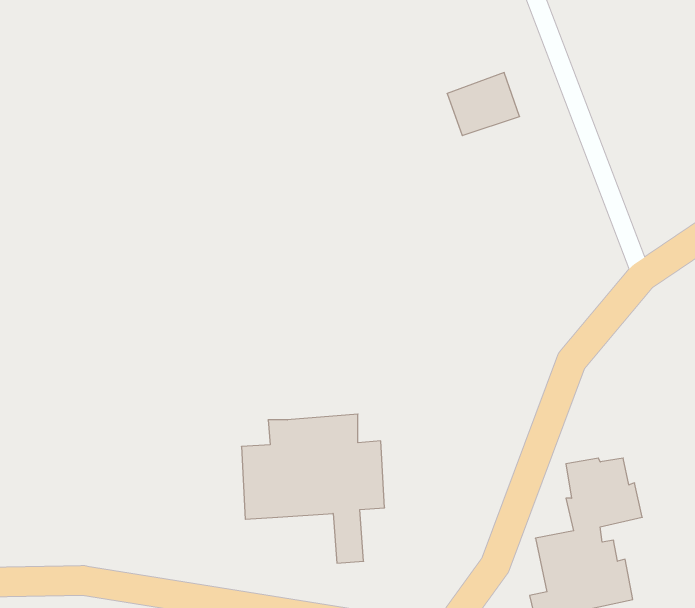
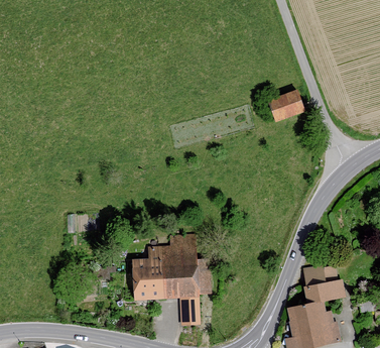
building: [447,73,520,136] -> [266,89,304,122]

